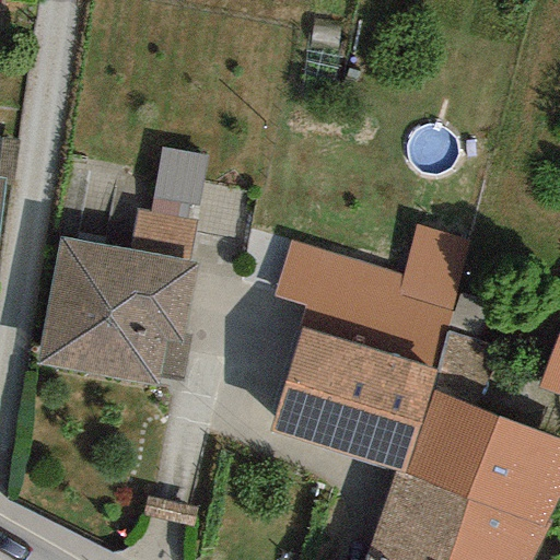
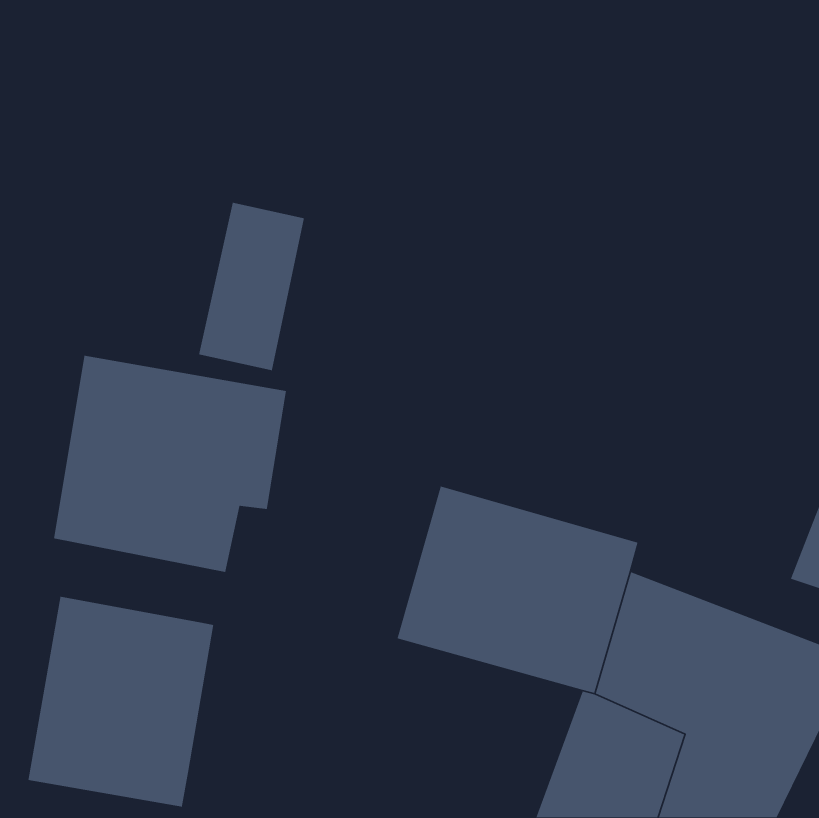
building: [276,223,471,368] -> none
building: none -> [28,596,214,807]

